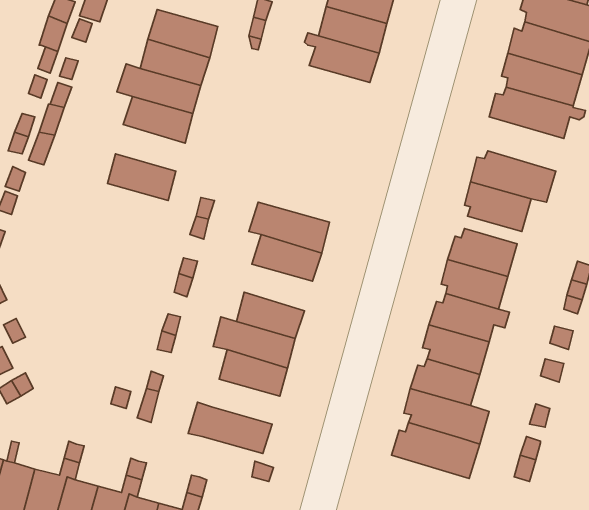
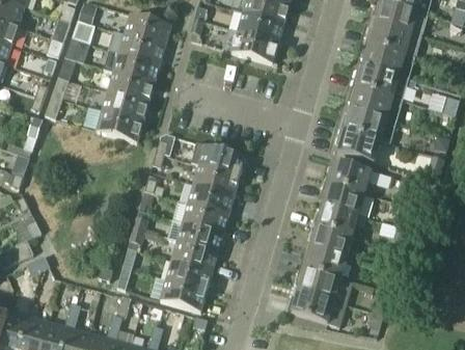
building: none -> [348,84,402,120]
building: none -> [102,89,148,120]
building: none -> [188,183,234,214]
building: none -> [166,260,212,290]

